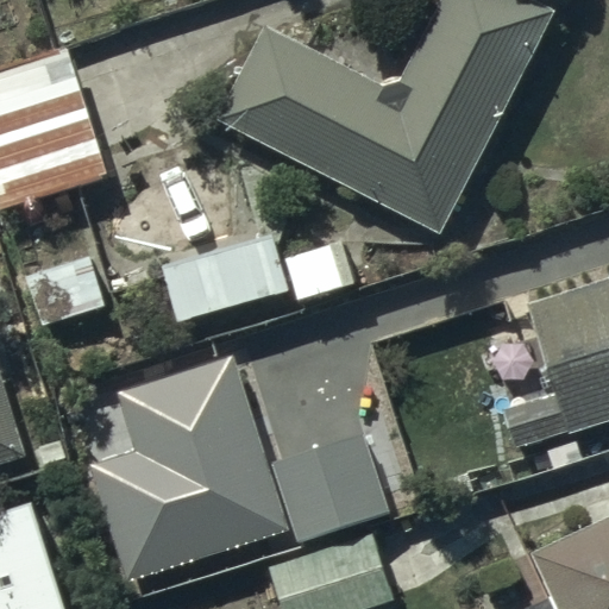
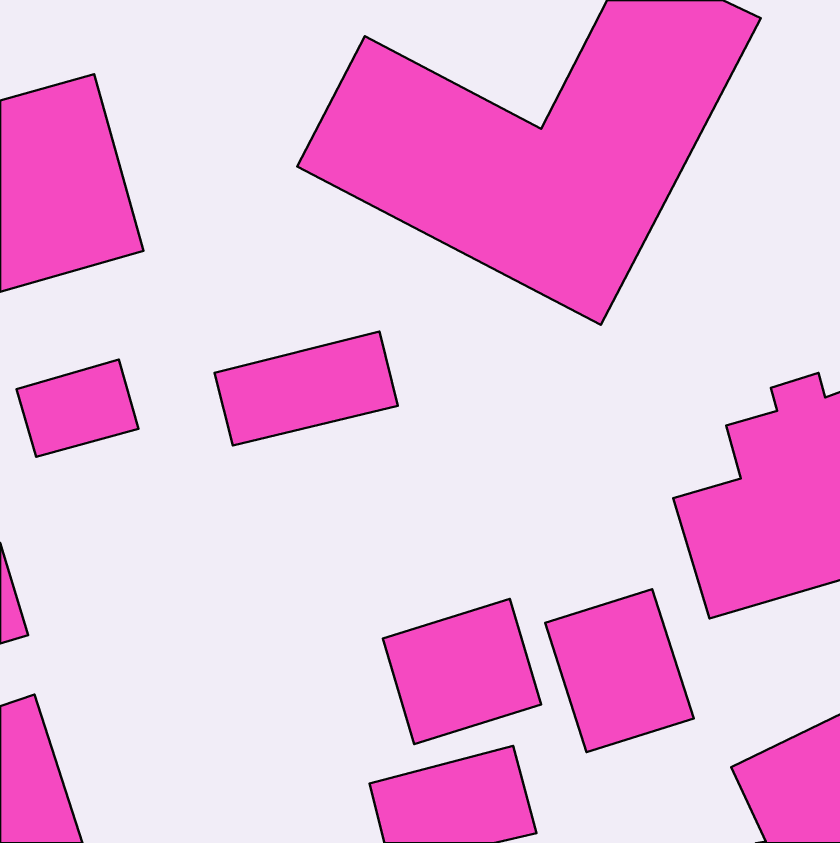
building: [94,350,294,578] -> none
building: none -> [545,589,694,752]

